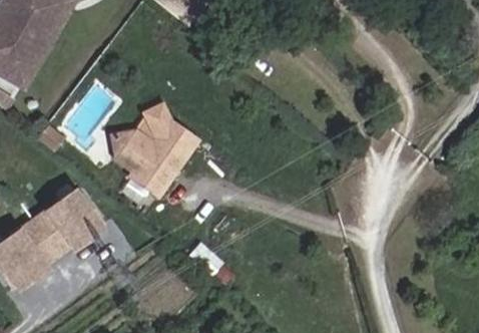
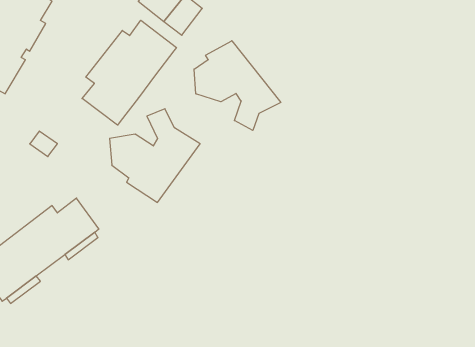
building: none -> [82,20,176,125]
building: none -> [194,41,281,130]

